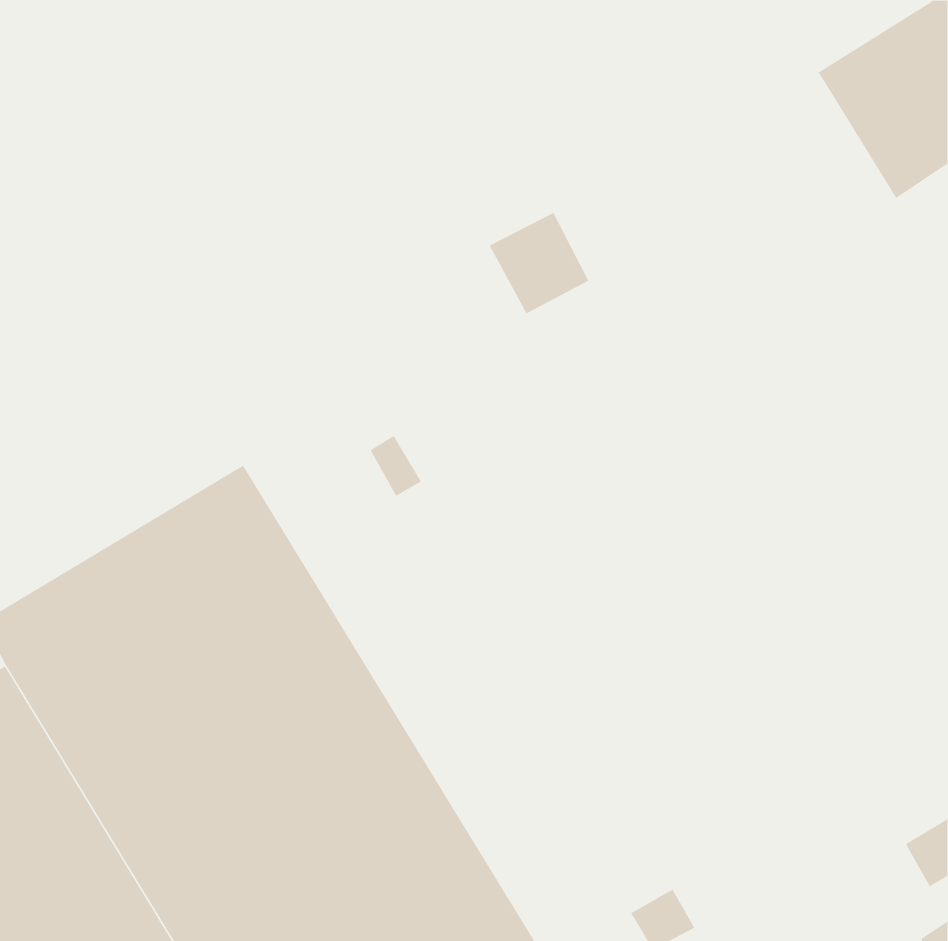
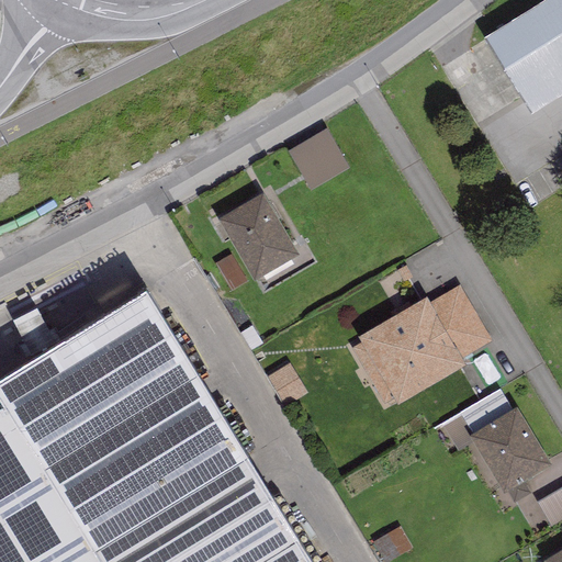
building: none -> [218,193,297,280]
building: none -> [350,286,491,407]
building: none -> [440,392,550,505]

